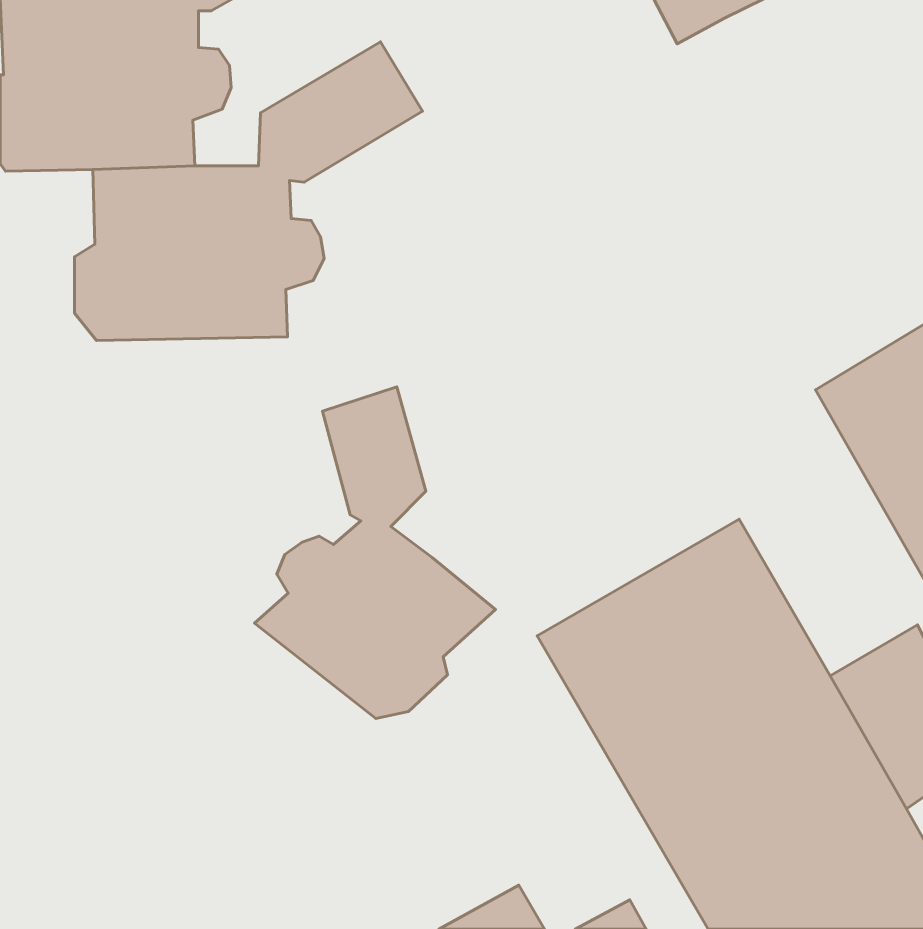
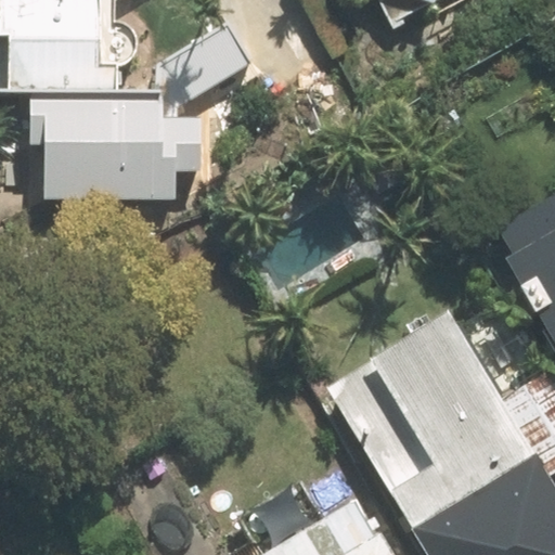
building: [254,387,496,719] -> none

